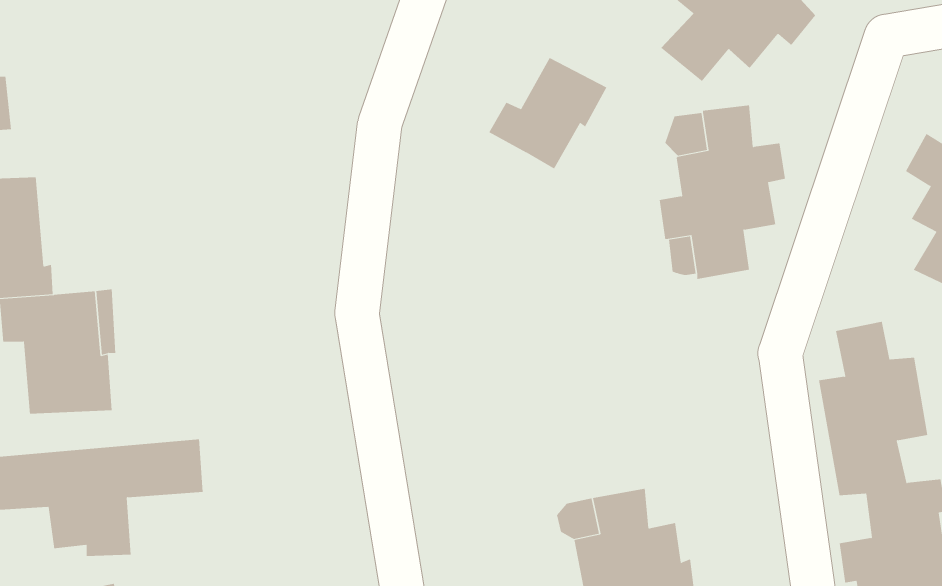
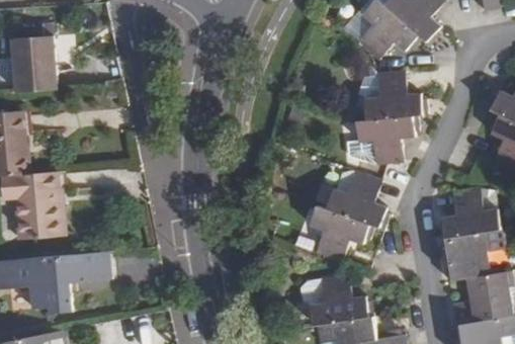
building: none -> [16,34,60,91]
building: [489,57,607,169] -> none
building: none -> [309,173,389,260]

